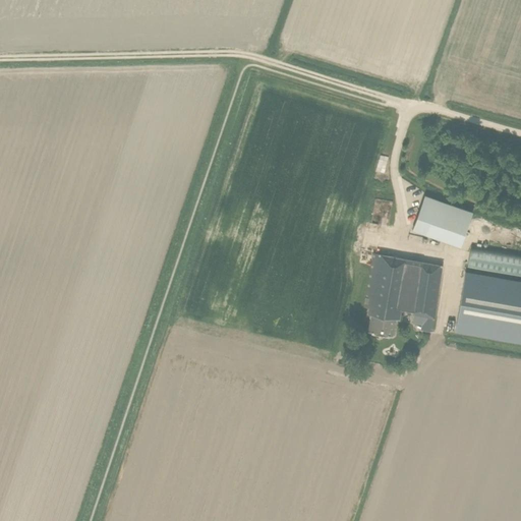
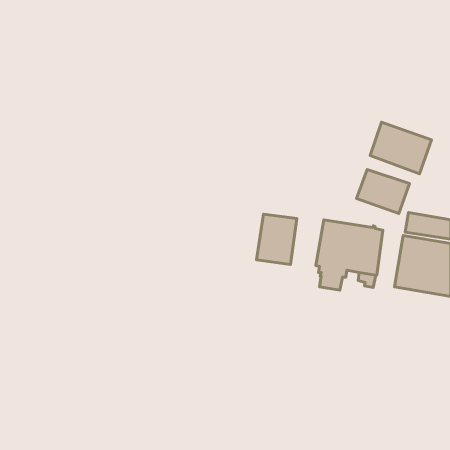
building: none -> [370,122,432,174]
building: none -> [257,214,297,264]

